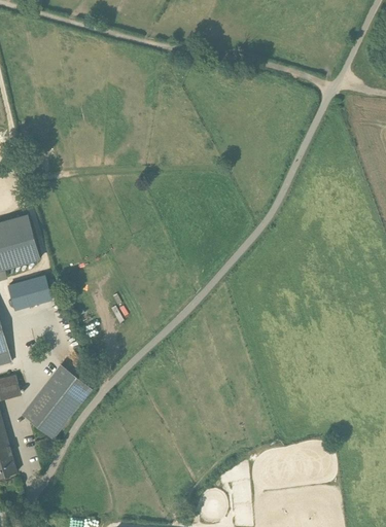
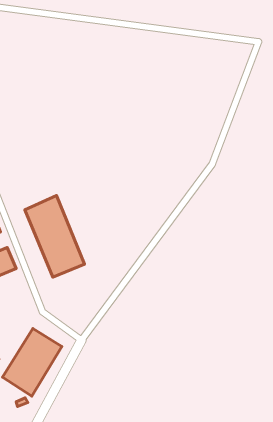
building: none -> [25,196,84,277]

